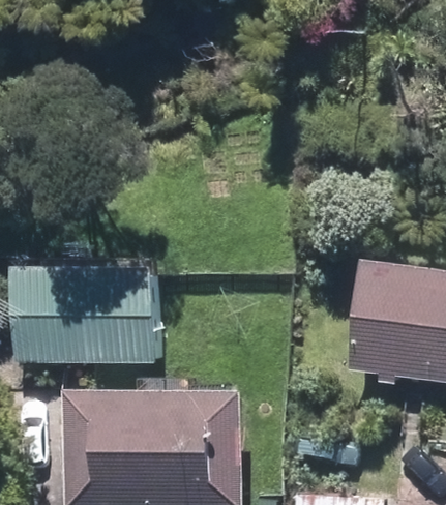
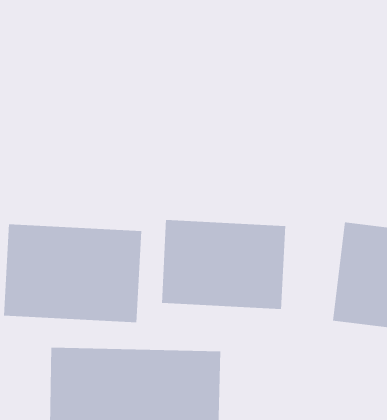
building: none -> [161,219,286,310]

